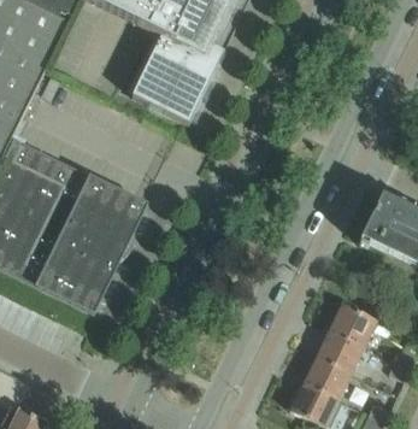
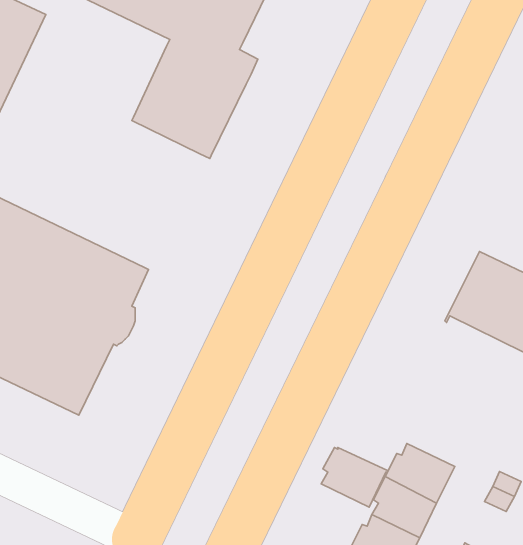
building: [331,304,379,347] -> [321,447,387,507]

